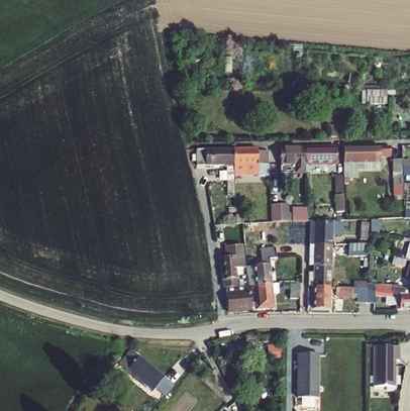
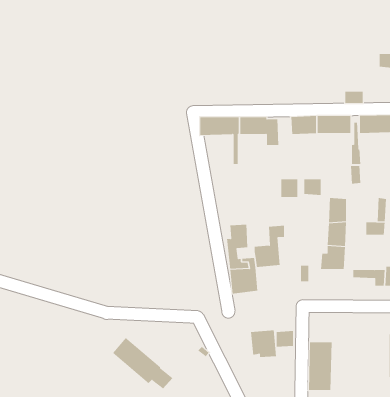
building: [249,283,274,308] -> [250,330,277,357]
building: [308,287,330,309] -> none

